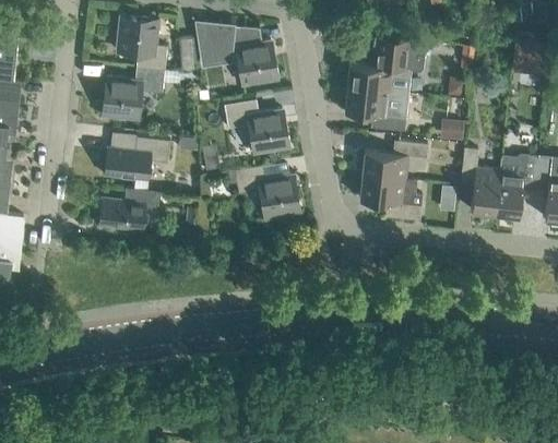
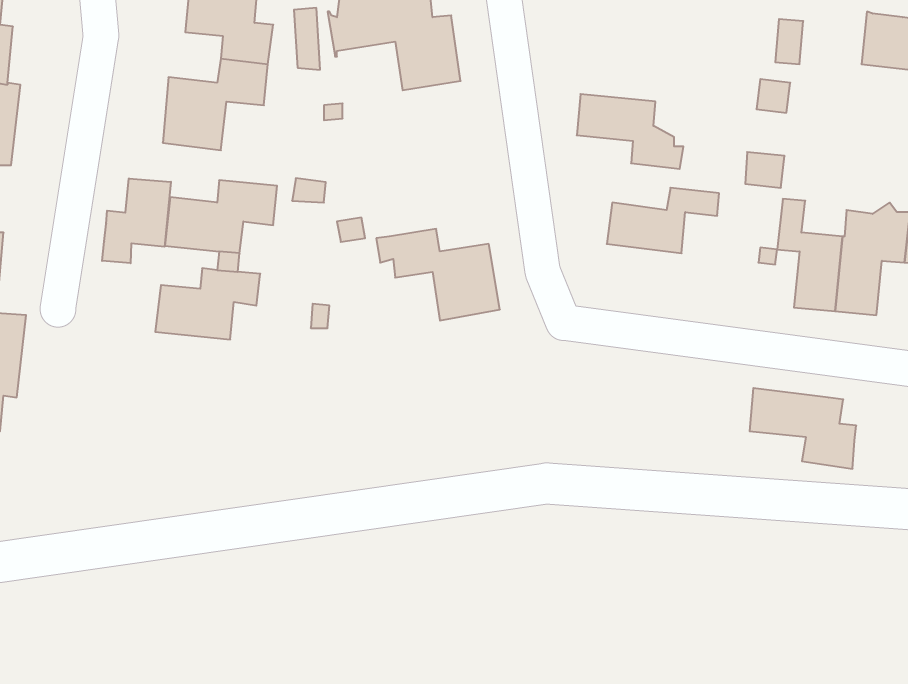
building: [346,37,427,92] -> none
building: [224,100,288,154] -> none
building: none -> [102,178,171,263]
building: [359,175,422,222] -> [750,388,856,469]

